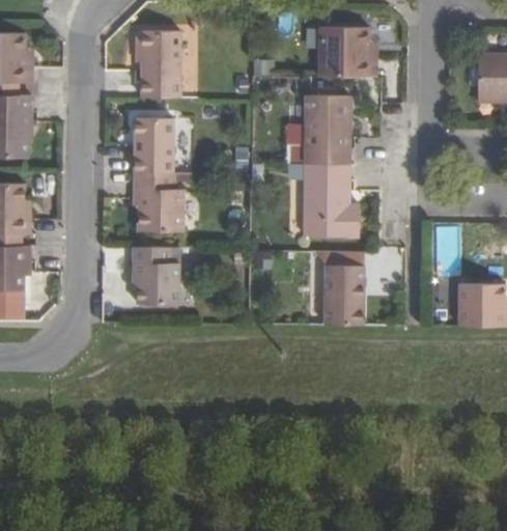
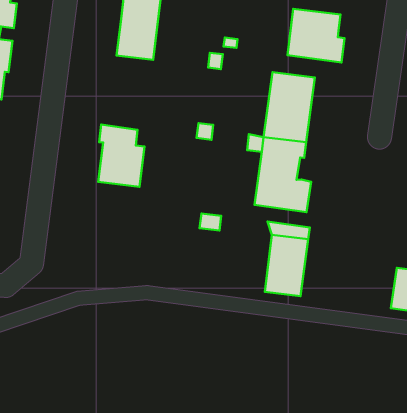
building: [134,117,172,172] -> none
building: [142,247,190,304] -> none

